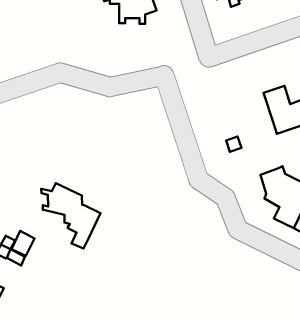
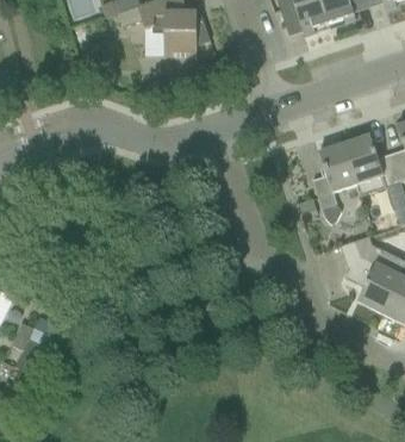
building: none -> [312,143,357,223]
building: [41,183,101,249] -> none

